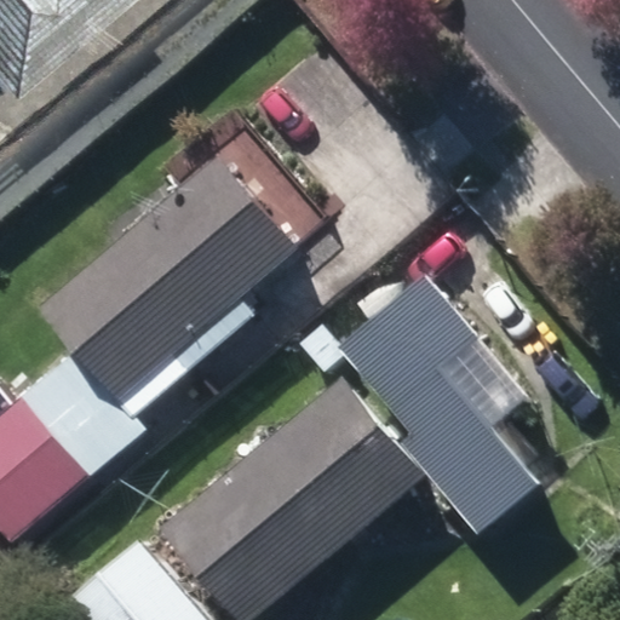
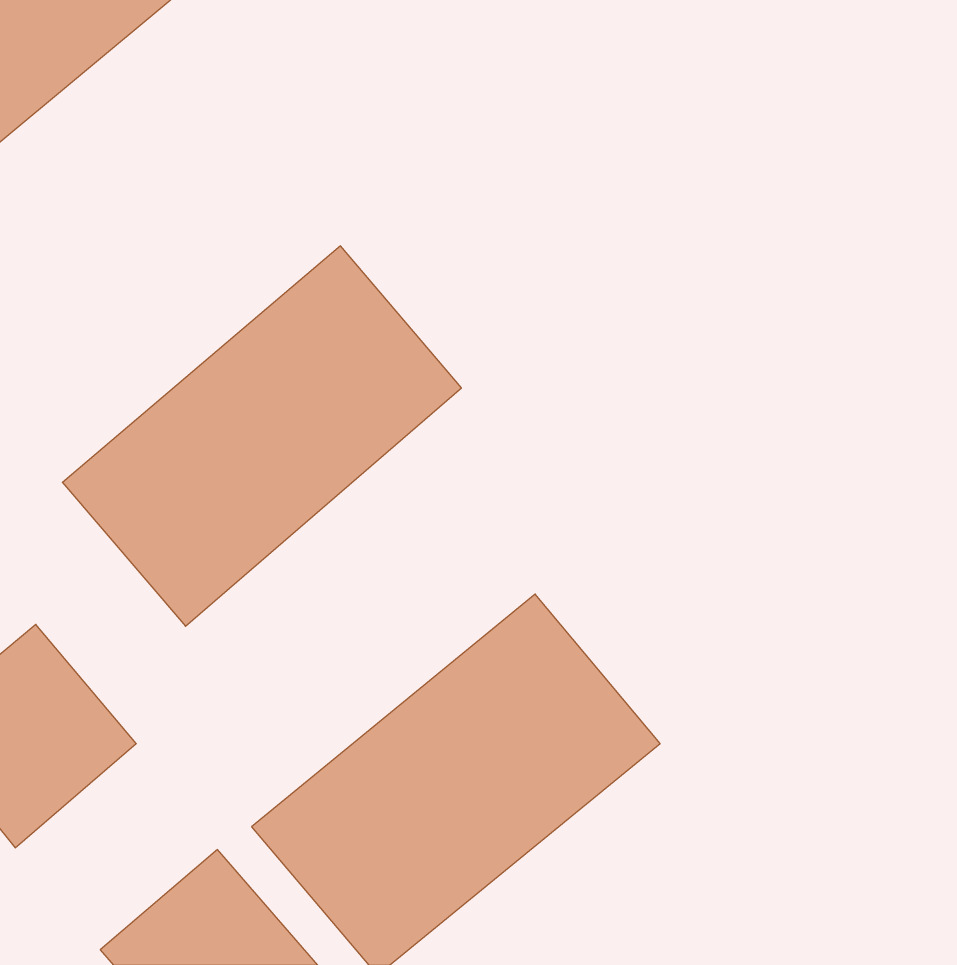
building: [340,277,535,533] -> none

